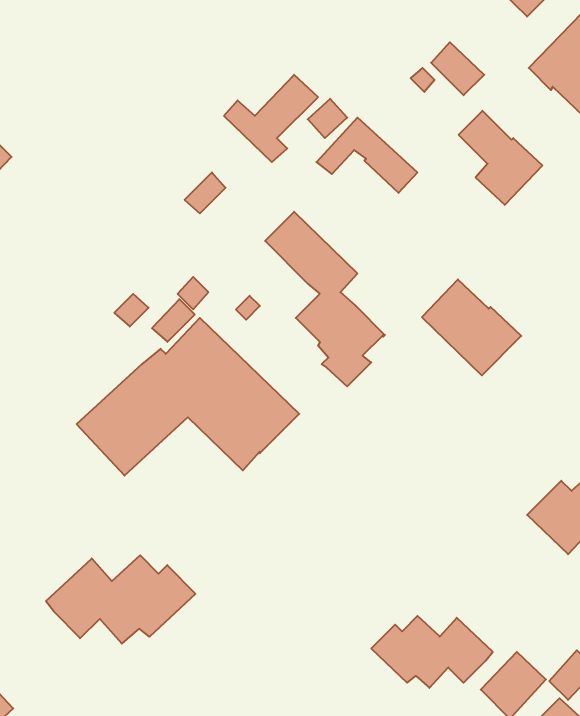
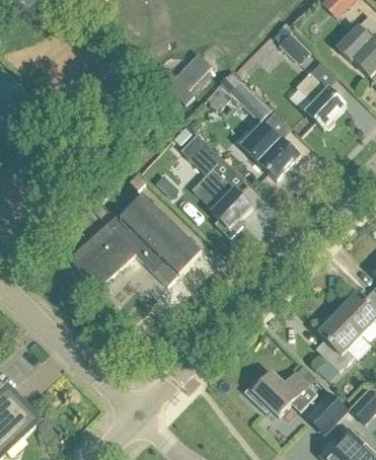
building: [422,279,521,375] -> [240,124,299,180]
building: none -> [314,312,360,371]
building: [46,555,195,644] -> none

